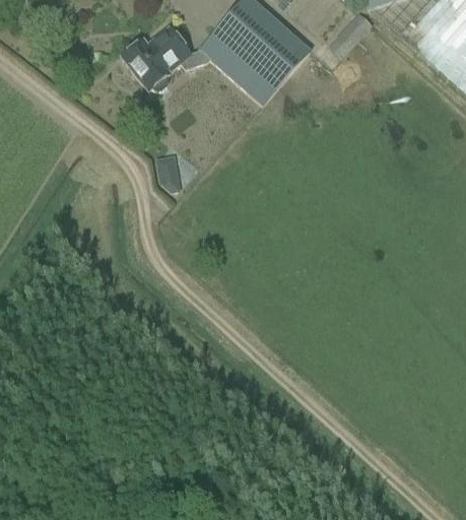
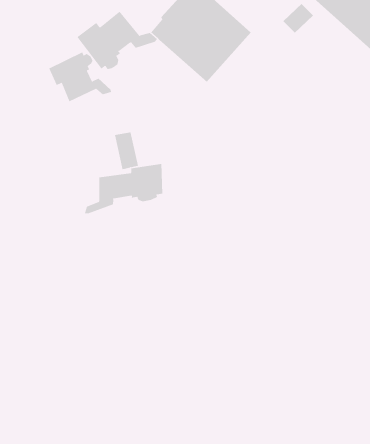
building: none -> [48,51,111,102]
building: none -> [84,163,163,214]

